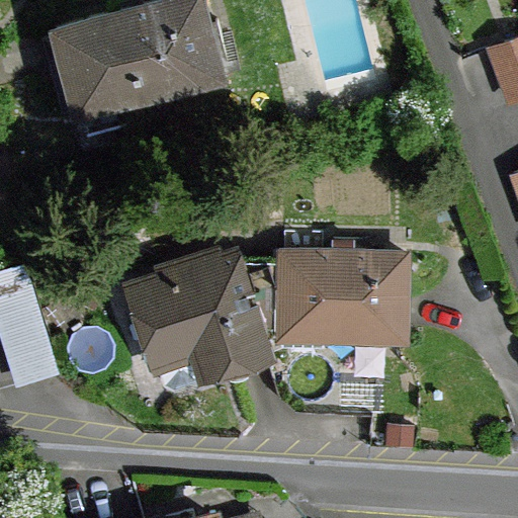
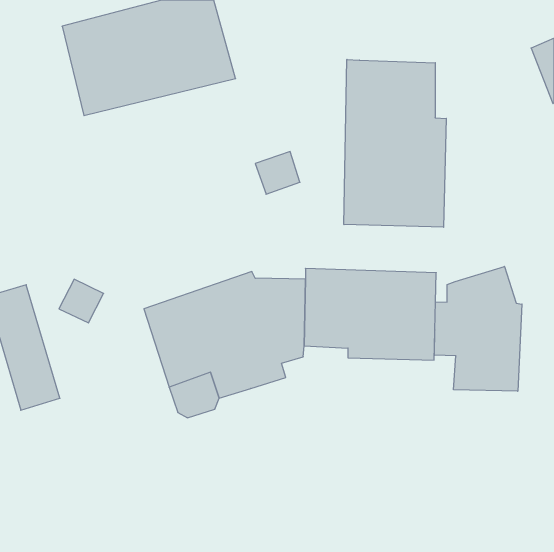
building: none -> [344,59,446,227]
building: none -> [435,266,522,391]

